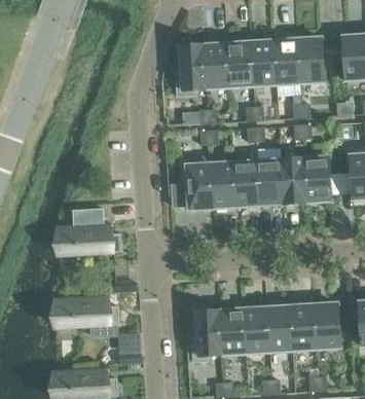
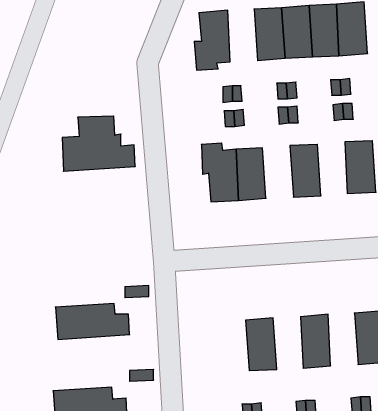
building: [204,43,229,88] -> none
building: [281,157,306,204] -> none
building: [233,160,260,206] -> none
building: [59,208,121,255] -> [62,116,135,171]
building: [290,304,316,350] -> none
building: [243,307,268,353] -> none
building: [191,311,222,362] -> none

